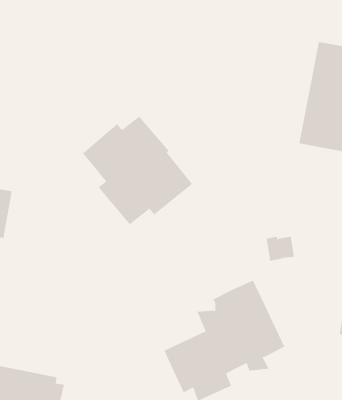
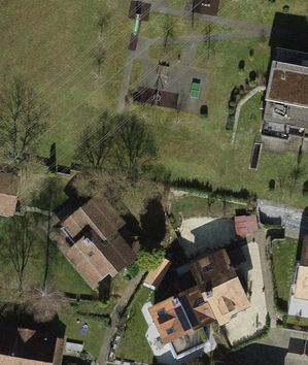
building: [82,116,193,225] -> [52,195,145,288]

